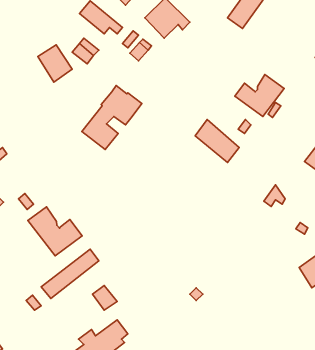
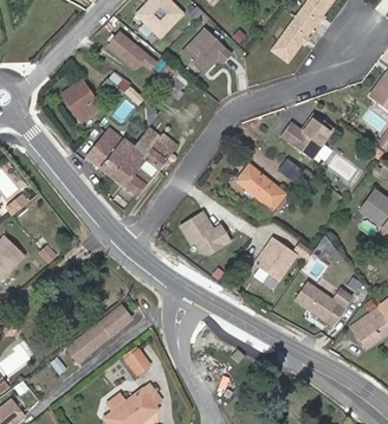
building: none -> [88,128,134,175]
building: none -> [181,211,231,252]
building: none -> [254,238,297,281]
building: [28,207,82,256] -> none
building: none -> [296,281,354,322]

